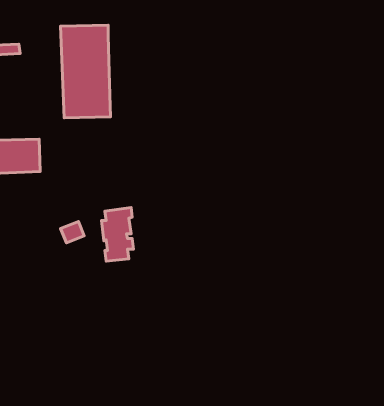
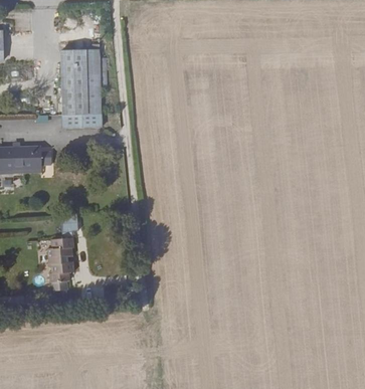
building: [101,208,134,261] -> [47,236,74,281]

